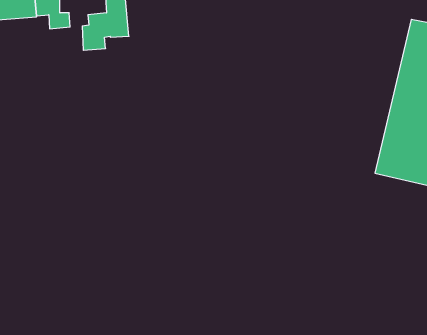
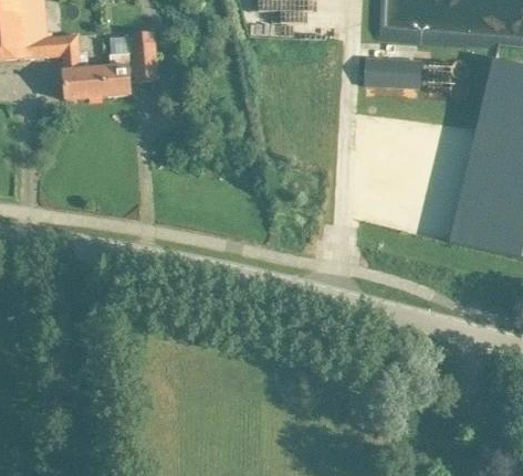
building: none -> [365,57,419,87]
building: none -> [63,67,104,99]

